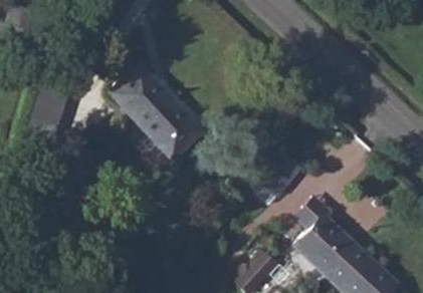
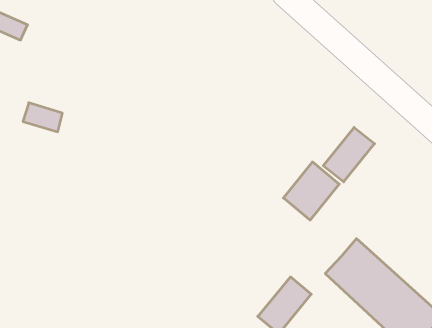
building: [108,64,199,159] -> none
building: none -> [323,127,375,182]

